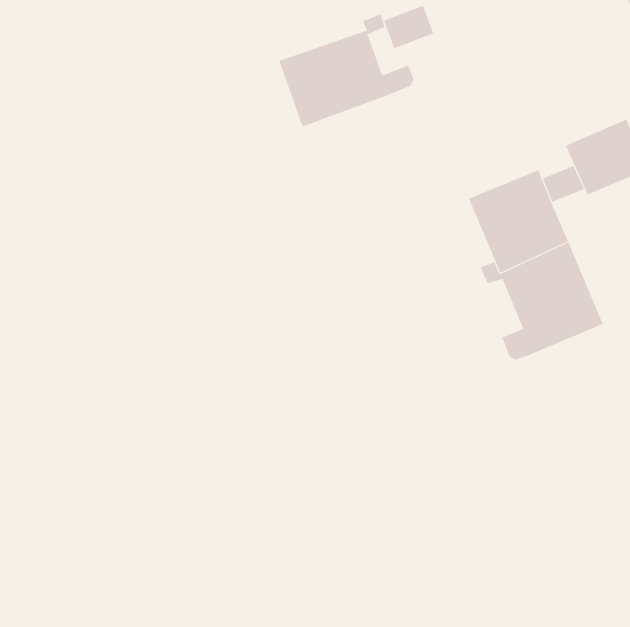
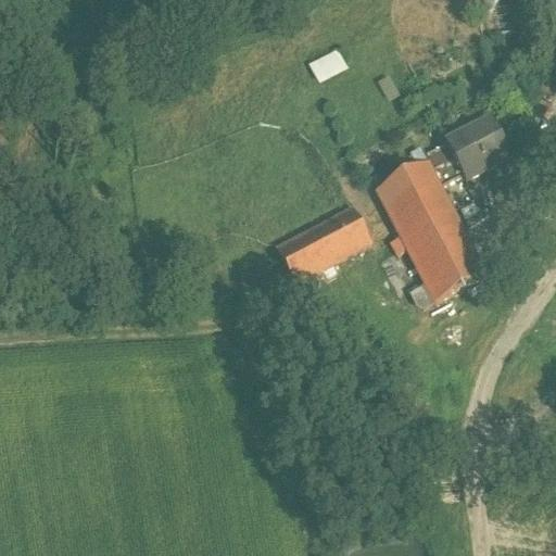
building: [279,14,415,127] -> none
building: none -> [277,203,371,279]

